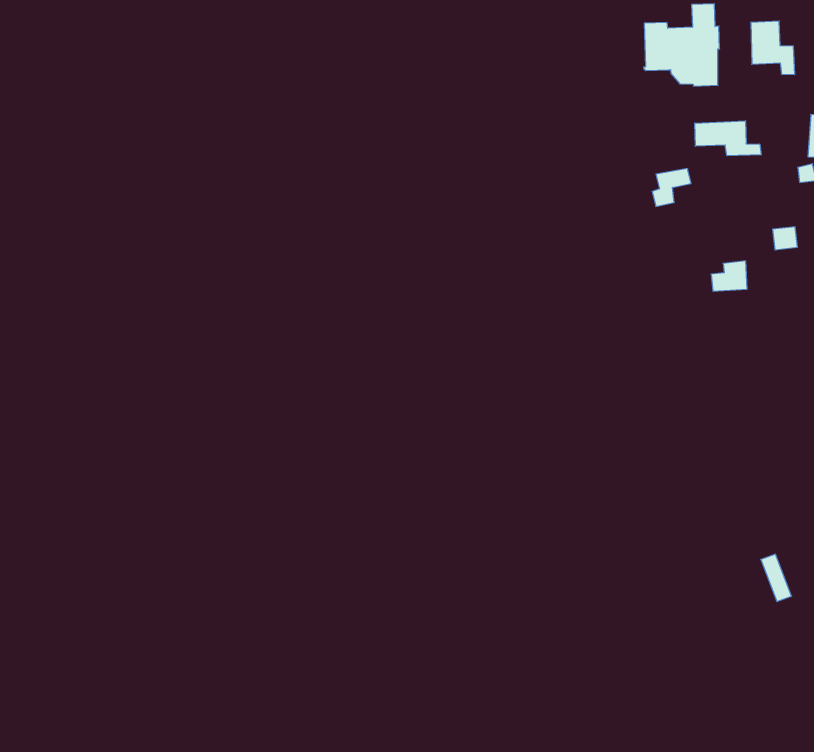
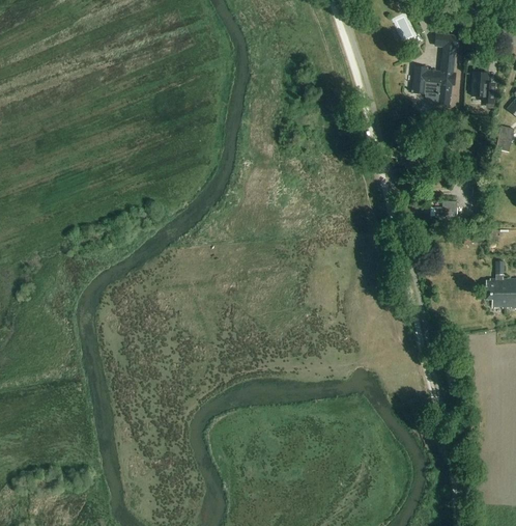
building: [695,121,761,156] -> none

